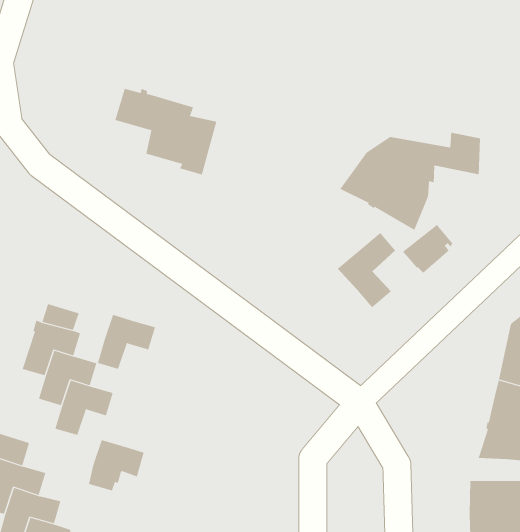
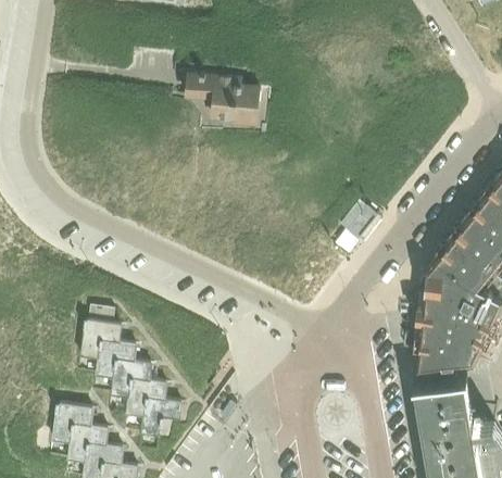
building: [114,88,217,175] -> [185,70,259,125]
building: [339,132,480,231] -> none
building: [337,232,396,308] -> none
building: [97,314,156,370] -> [126,375,164,414]

